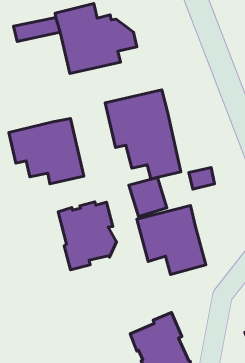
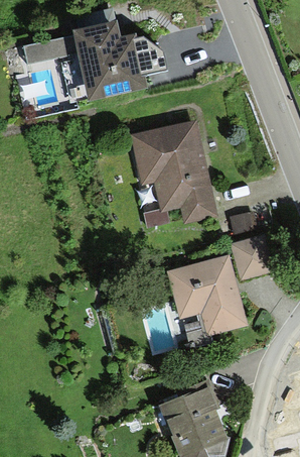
building: [9,119,84,184] -> none
building: [129,178,167,216] -> [230,235,274,280]
building: [58,202,116,270] -> none

